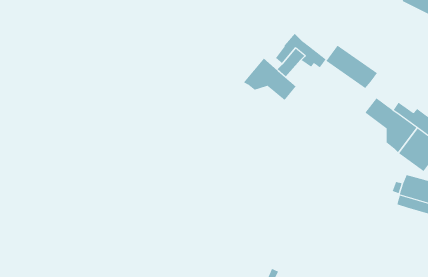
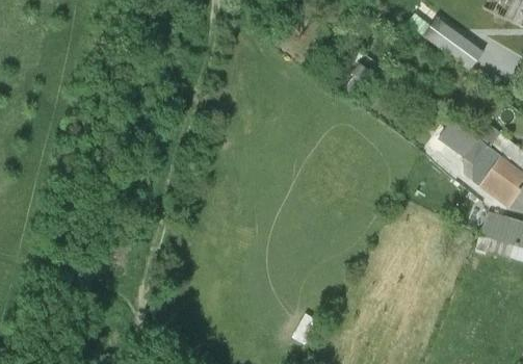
building: [326,45,378,89] -> [428,22,490,74]
building: [243,58,296,101] -> none

